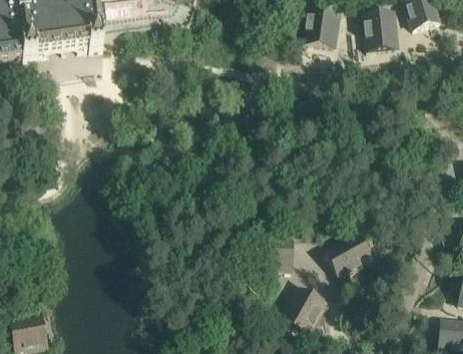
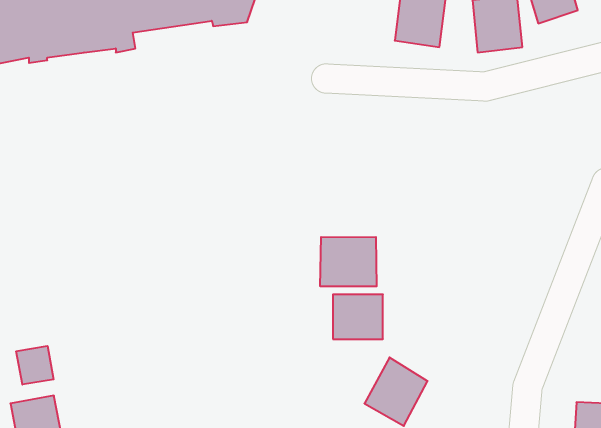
building: none -> [320,237,377,286]
building: [323,227,374,276] -> none
building: none -> [16,346,54,385]

